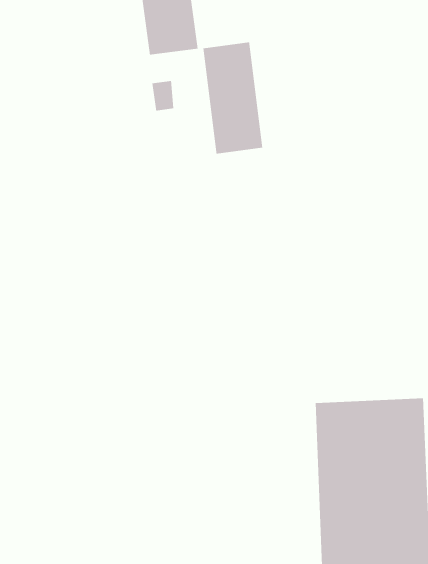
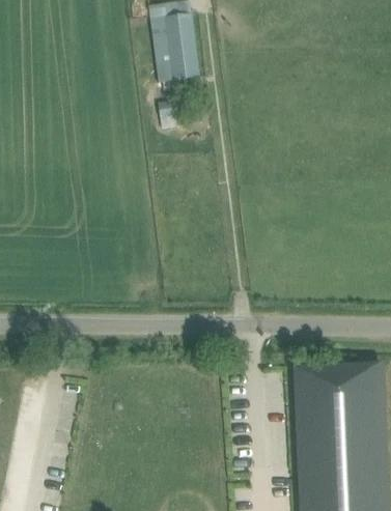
building: [203,42,263,154] -> none

